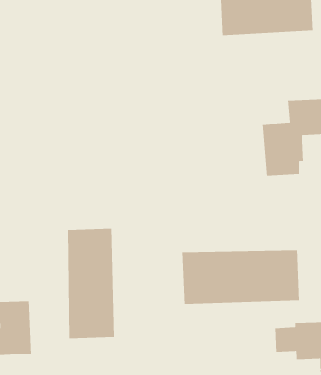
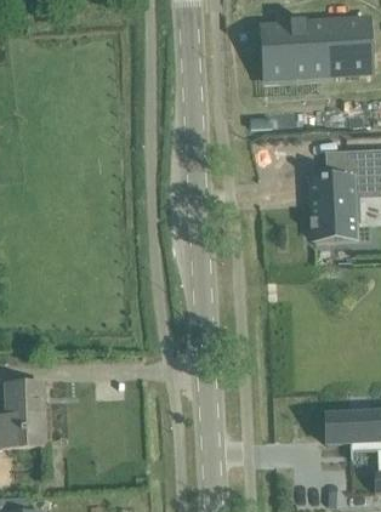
building: [67,228,115,339] -> none
building: [181,249,300,305] -> none

